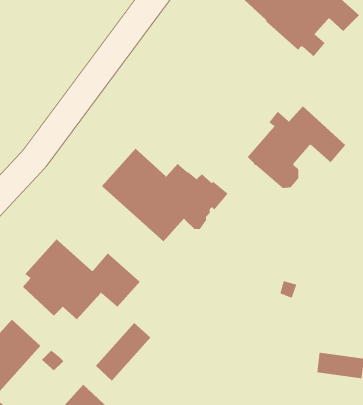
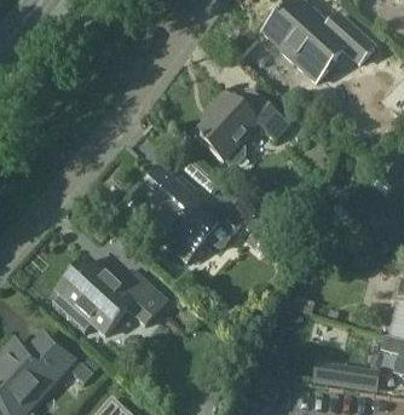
building: [247,106,346,189] -> [196,85,290,163]
building: [95,322,151,381] -> none

